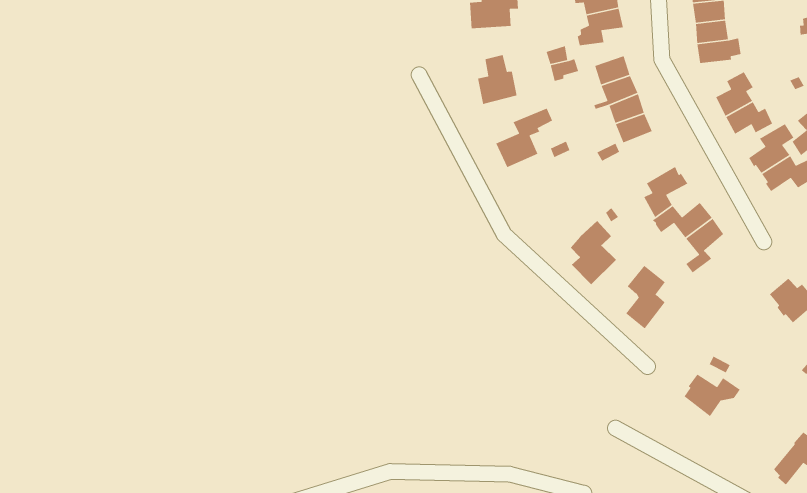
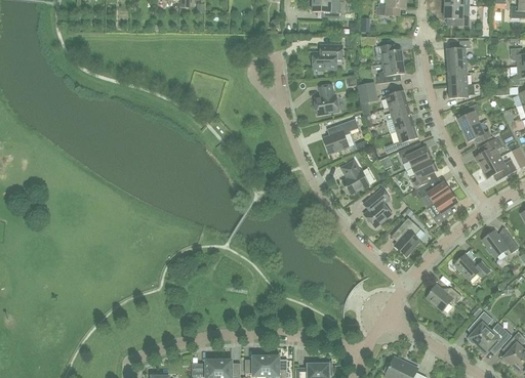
building: none -> [398,145,431,167]
building: none -> [340,159,369,193]
building: none -> [454,252,490,279]
building: none -> [468,310,493,344]

